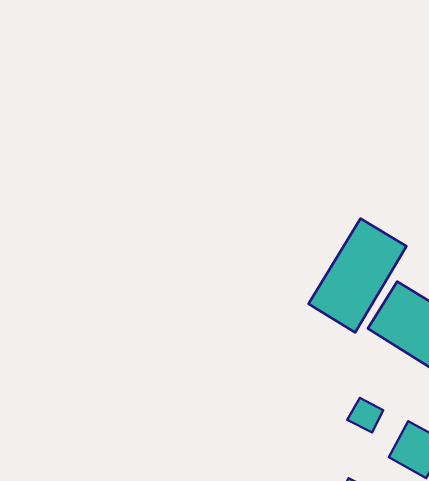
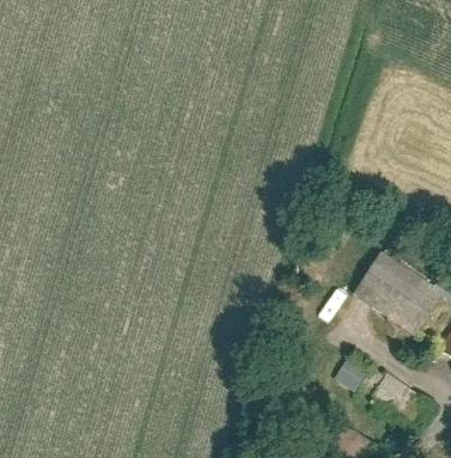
building: [309,219,407,333] -> none

